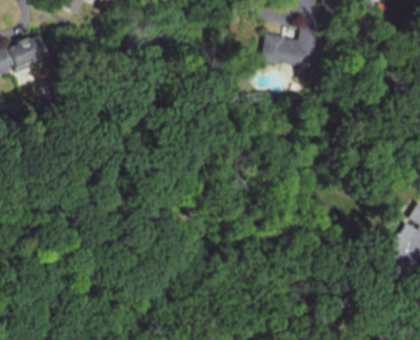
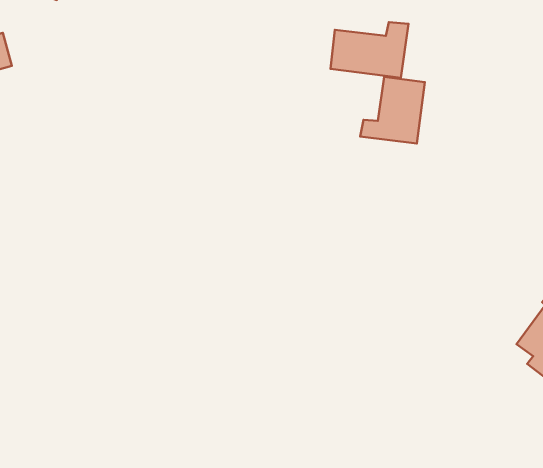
building: none -> [360,77,425,143]

